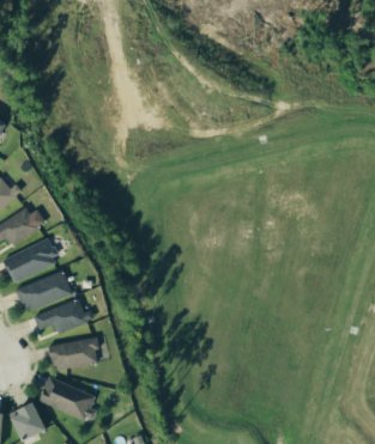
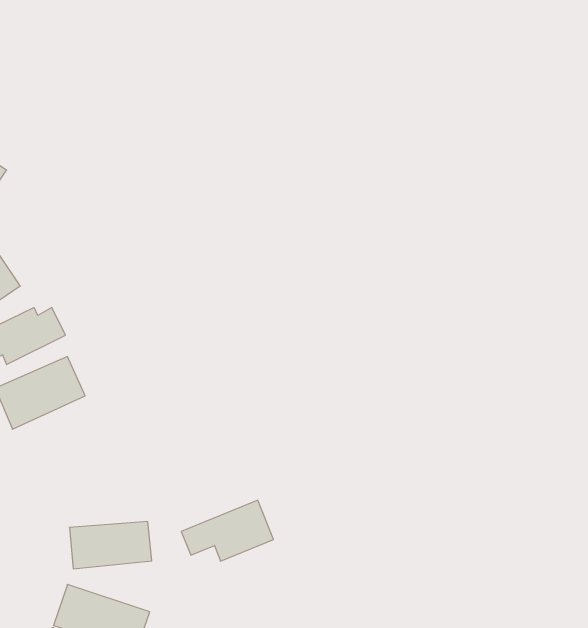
building: [16,270,71,312] -> none
building: [31,297,87,334] -> [181,500,273,561]

